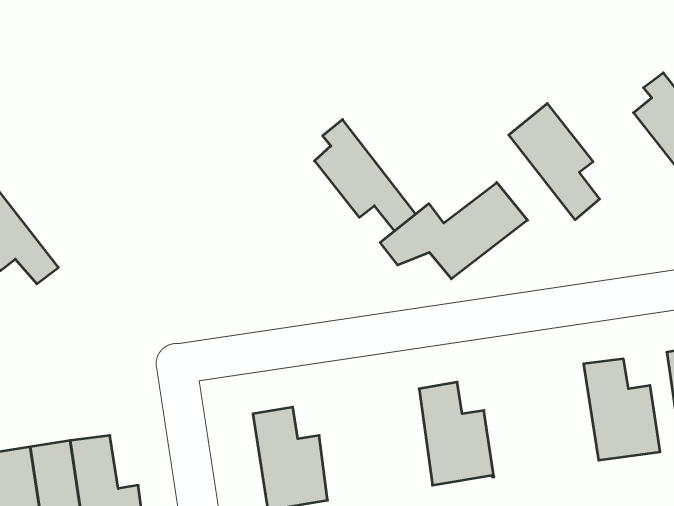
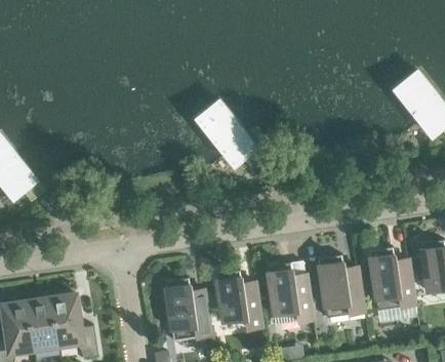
building: [509,103,600,220] -> none
building: [380,182,528,279] -> none
building: none -> [317,255,364,318]
building: none -> [215,271,261,330]

